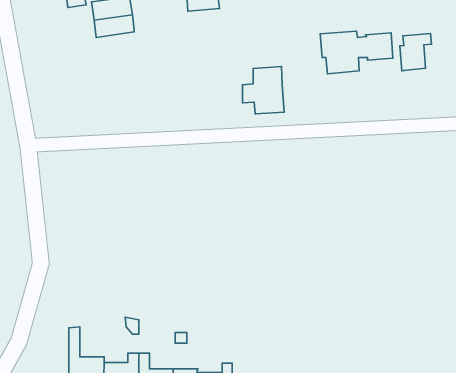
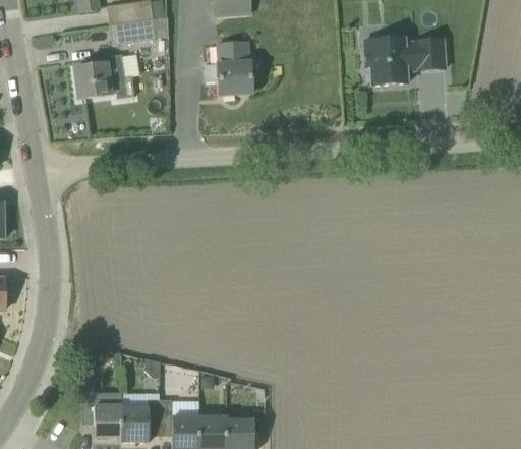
building: [400,34,431,71] -> none
building: none -> [75,53,135,98]
building: [242,67,284,114] -> [206,41,252,94]

